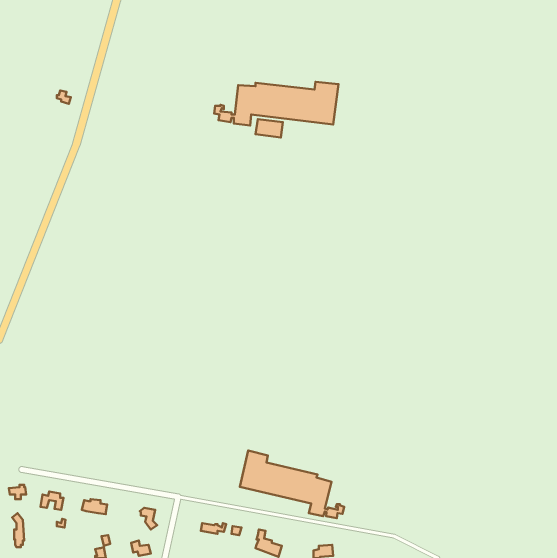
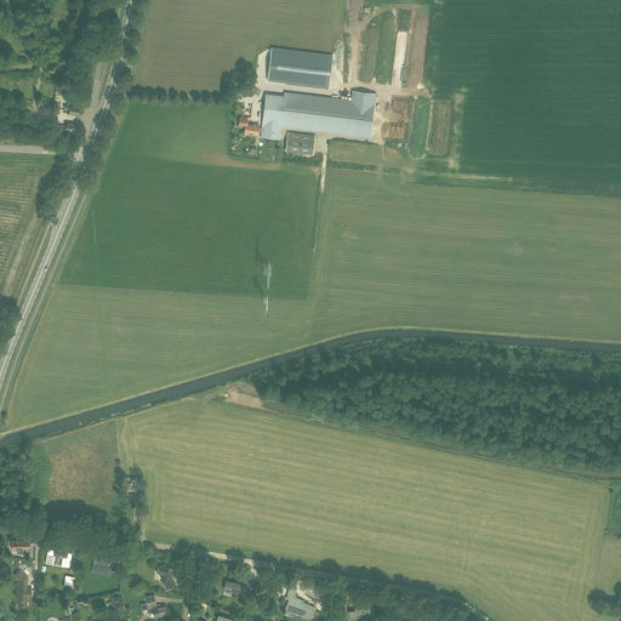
building: none -> [268,47,331,89]
building: [240,450,344,518] -> none

